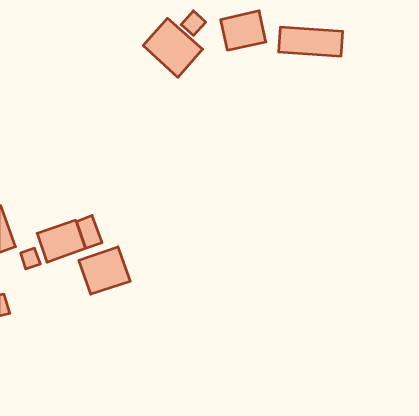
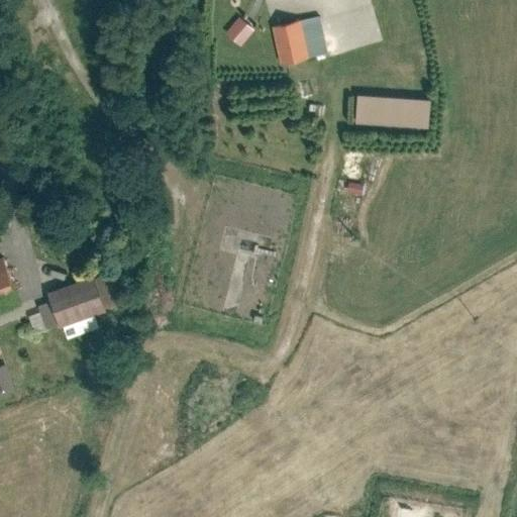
building: [143,18,203,77] -> none
building: [279,27,343,56] -> [352,95,431,130]
building: [79,247,130,294] -> none

